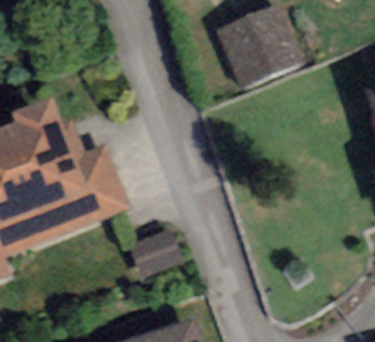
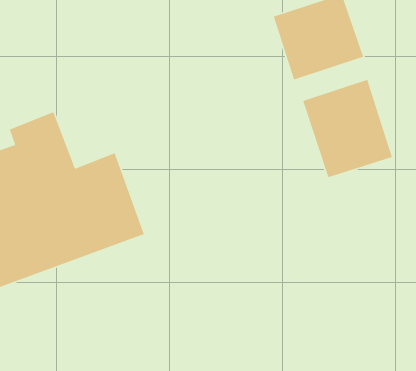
building: none -> [302,79,393,178]

